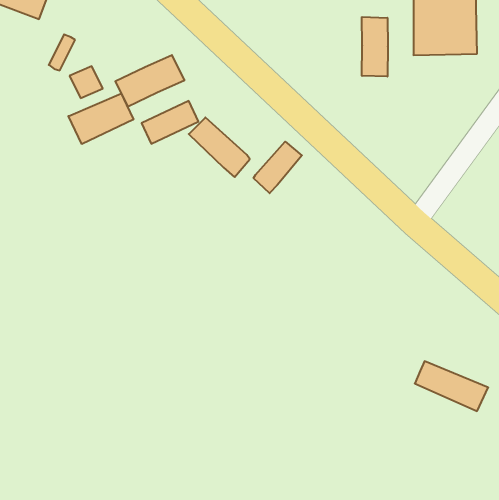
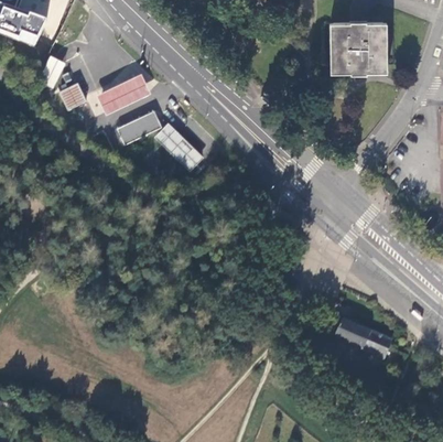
building: [362,17,388,77] -> none
building: [68,93,133,144] -> none
building: [254,142,302,193] -> none

